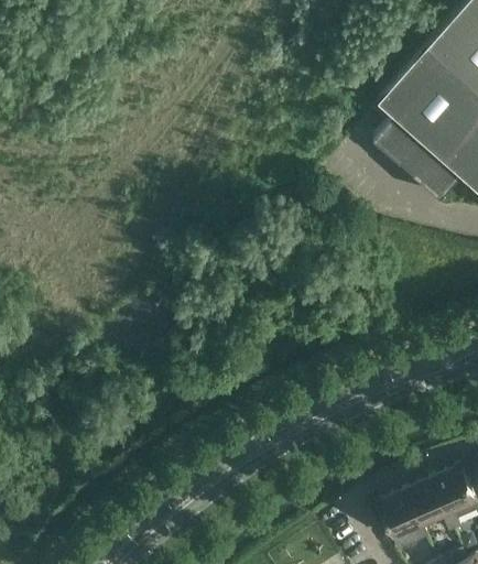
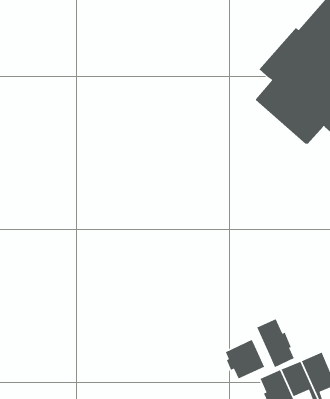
building: none -> [256,318,295,368]
building: none -> [225,339,265,379]

